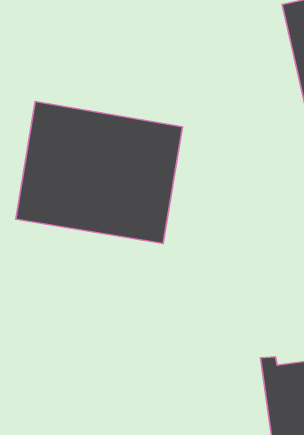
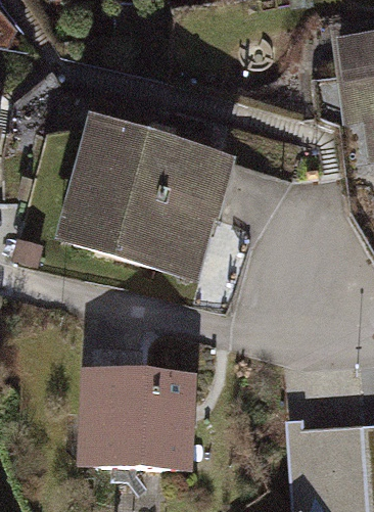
building: none -> [93,367,197,459]

